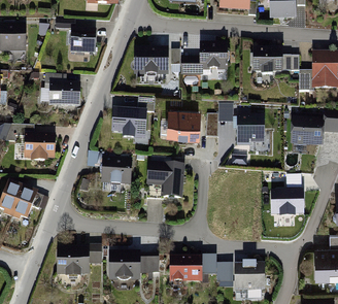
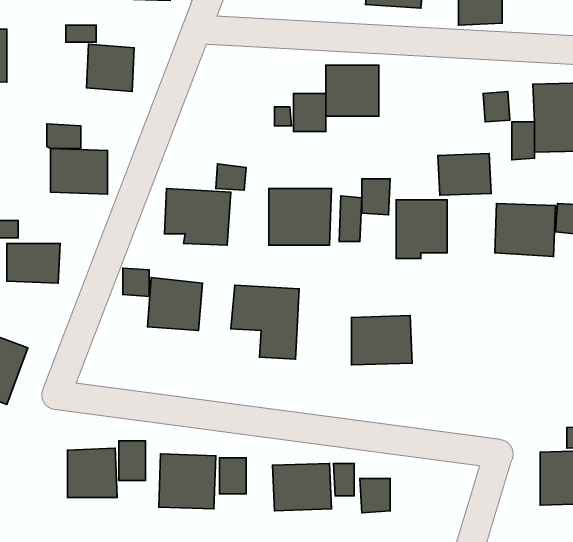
building: [134,48,168,75] -> none
building: [254,50,282,73] -> [438,154,491,195]
building: [271,189,304,215] -> [351,316,412,365]
building: [236,264,265,293] -> none

